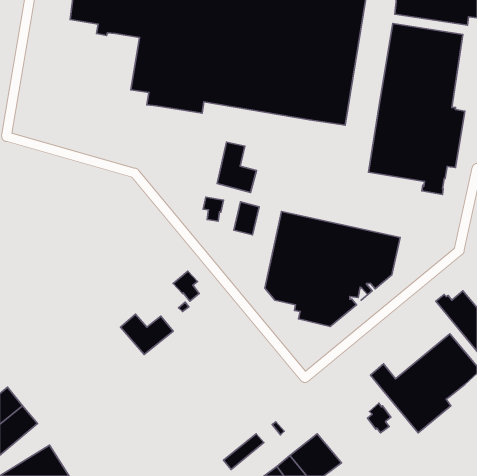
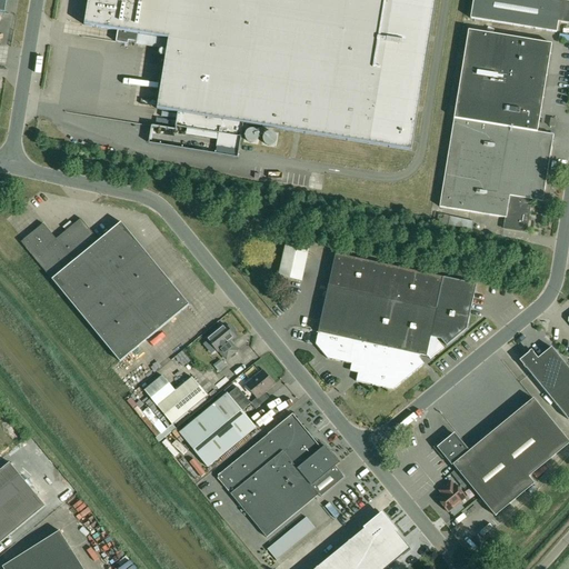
building: [217,142,256,192] -> none
building: none -> [20,217,188,360]
building: [203,197,223,221] -> none
building: none -> [178,369,273,465]
building: none -> [217,413,345,536]

